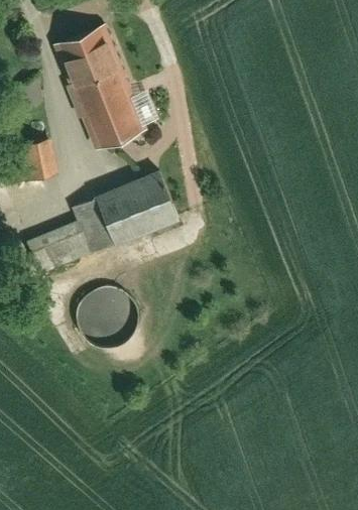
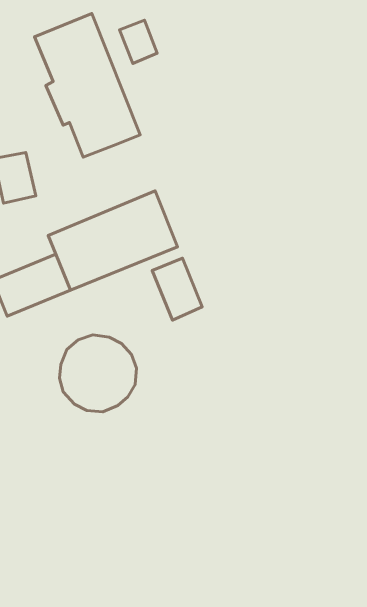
building: none -> [119,20,157,64]
building: none -> [152,258,202,320]

